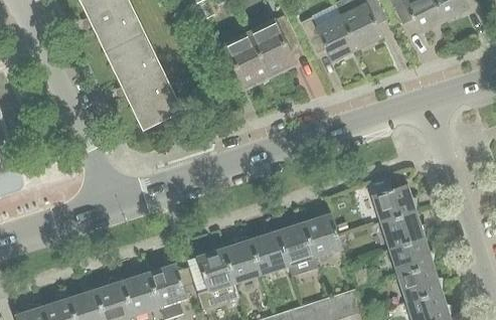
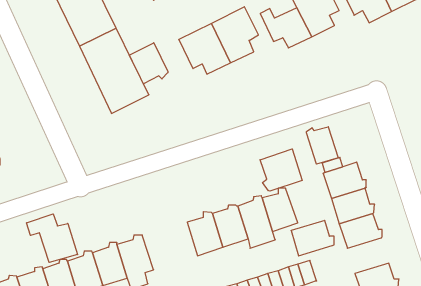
building: none -> [129,43,168,84]
building: none -> [306,127,338,164]
building: none -> [260,149,302,191]
building: none -> [27,214,78,262]
building: [187,246,240,310] -> none
building: [396,265,443,303] -> [291,220,334,256]

